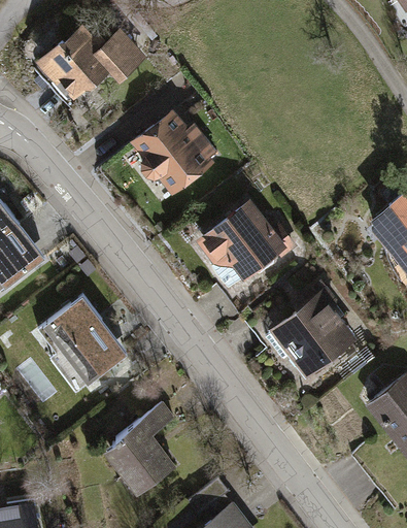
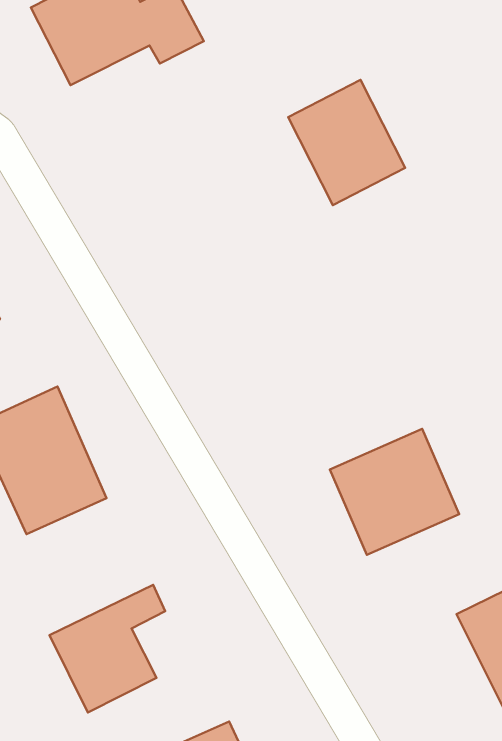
building: [132,111,211,194] -> [288,80,405,205]
building: [196,198,285,285] -> none

